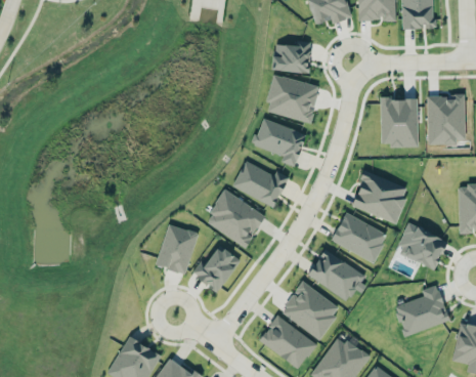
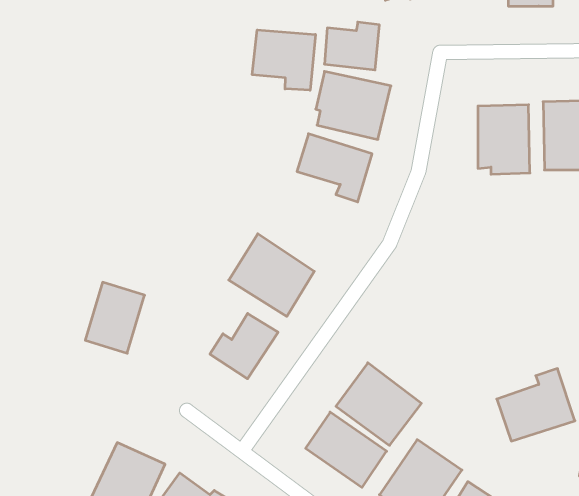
building: none -> [252,30,315,90]
building: [232,162,288,206] -> none
building: [351,171,406,223] -> none
building: [331,212,388,263] -> none
building: [395,223,447,268] -> none
building: [156,224,198,275] -> [85,282,145,353]
building: [307,249,365,302] -> none

